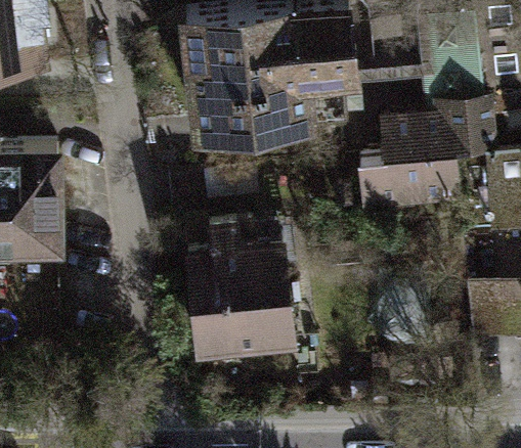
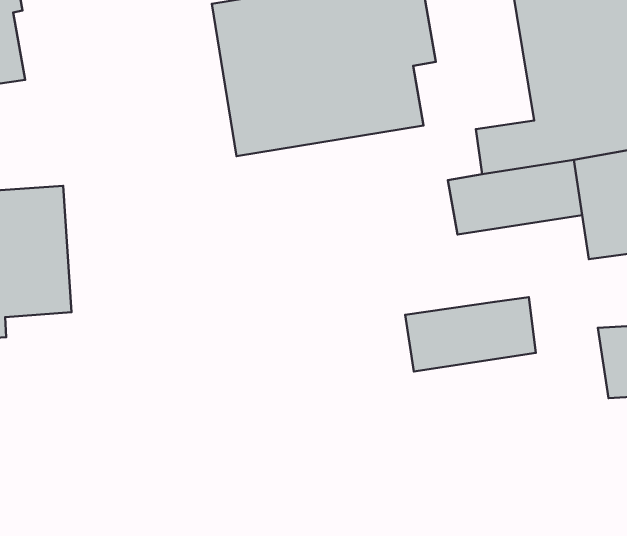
building: [188,227,296,355] -> none
building: none -> [405,297,536,372]

